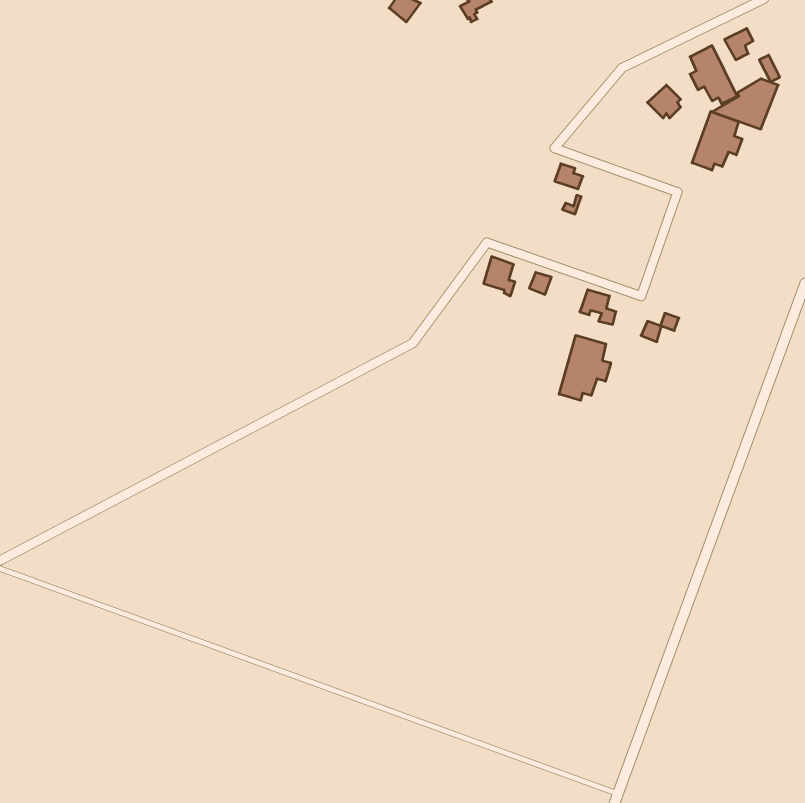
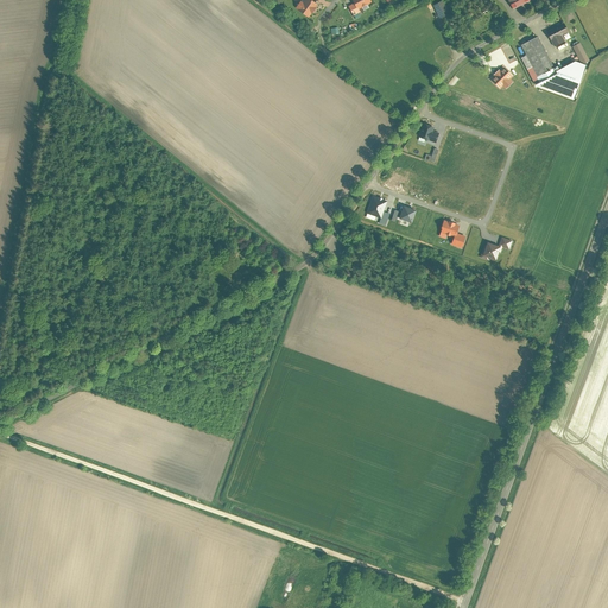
building: [692,111,742,170] -> none
building: [559,335,611,400] -> none

